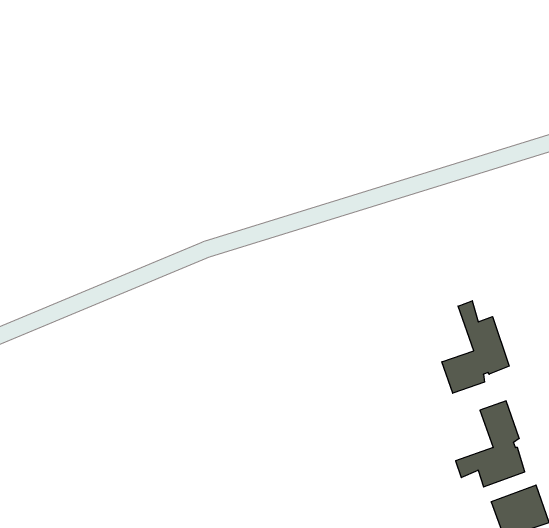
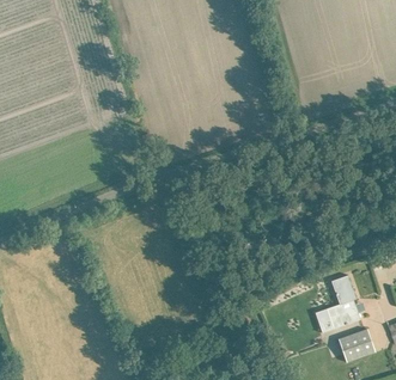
building: [442,301,509,393] -> none

